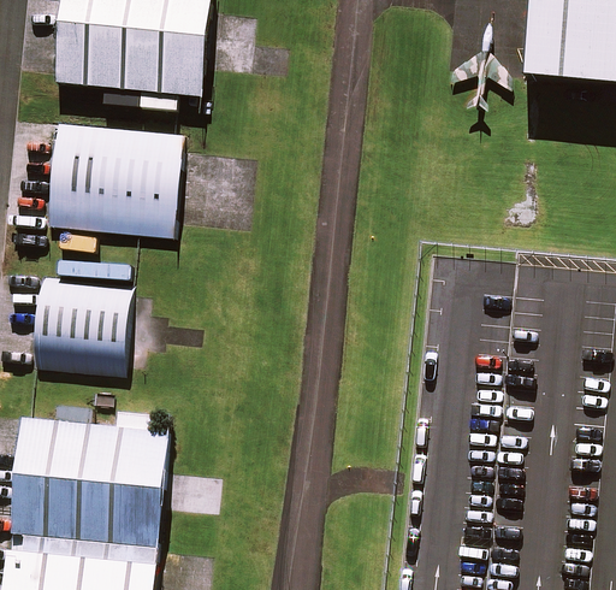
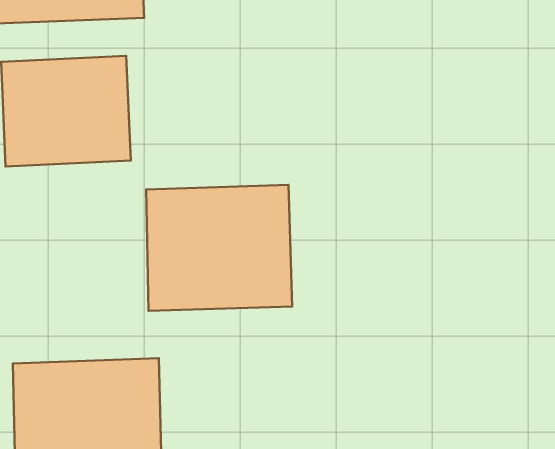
building: none -> [146,185,292,311]
building: [34,277,134,378] -> none

